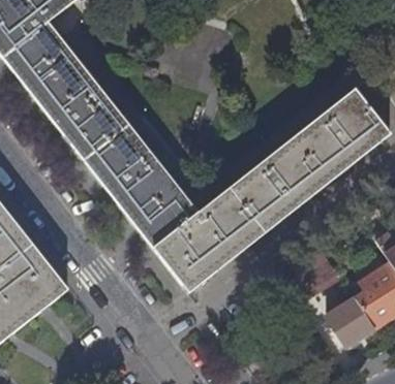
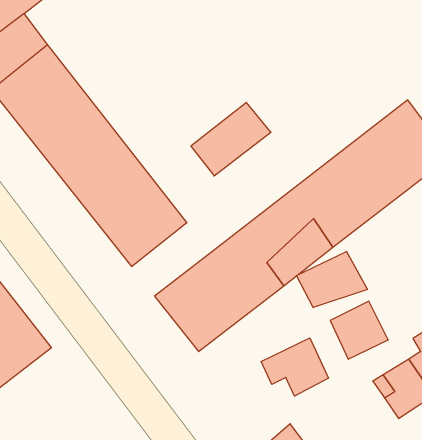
building: [133,188,198,247] -> [191,102,271,176]
building: none -> [297,251,367,308]
building: none -> [261,338,329,396]

